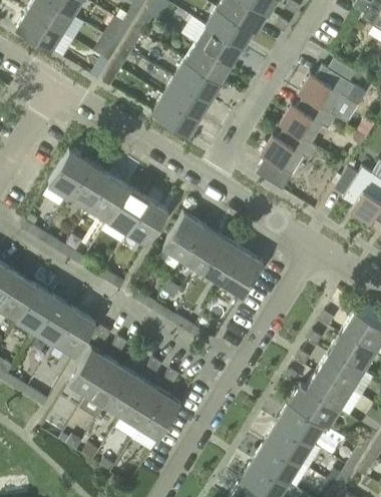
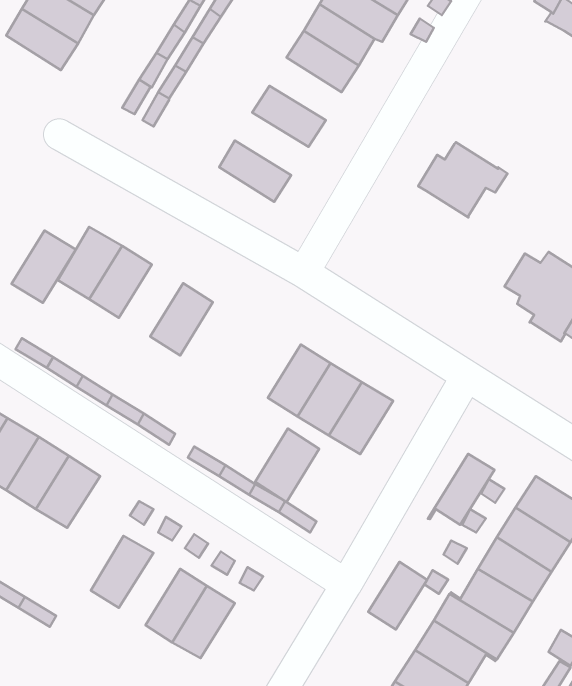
building: [184,43,231,83] -> none
building: [298,59,366,114] -> none
building: [162,78,210,118] -> none
building: [256,128,318,191] -> none
building: [88,175,129,221] -> [12,231,76,303]
building: [127,199,168,246] -> none
building: [163,213,205,261] -> [255,428,319,502]
building: none -> [428,454,494,525]
building: [55,311,96,357] -> none
building: [80,360,127,419] -> none
building: none -> [368,562,427,630]
building: [140,392,181,439] -> none

